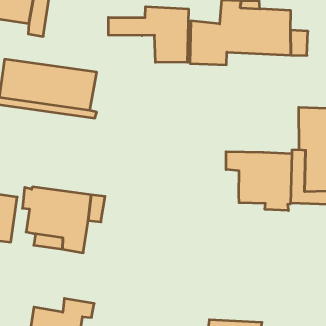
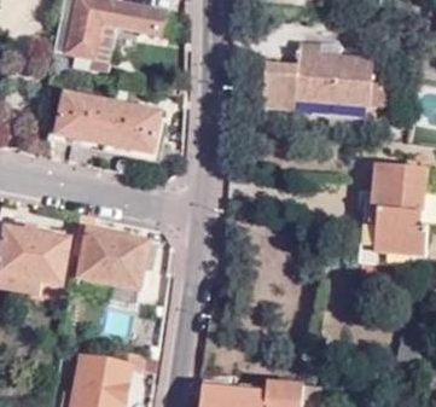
building: [108,7,188,62] -> none
building: [226,152,292,211] -> none

